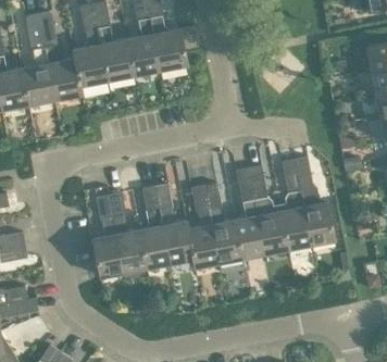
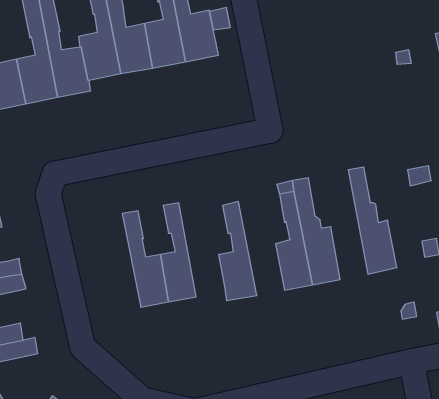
building: [279,160,310,250] -> none
building: [203,184,241,263] -> none
building: [154,185,192,264] -> none
building: [91,196,123,277] -> none

